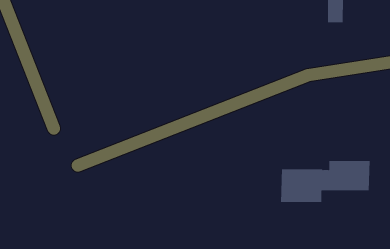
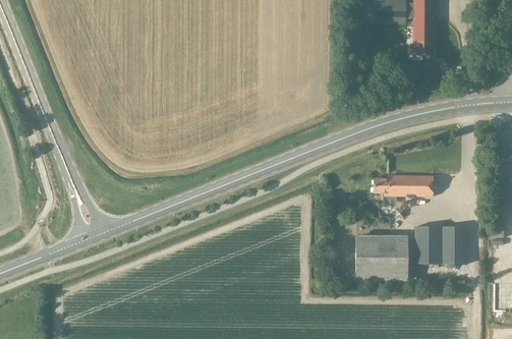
building: none -> [373,174,433,195]

